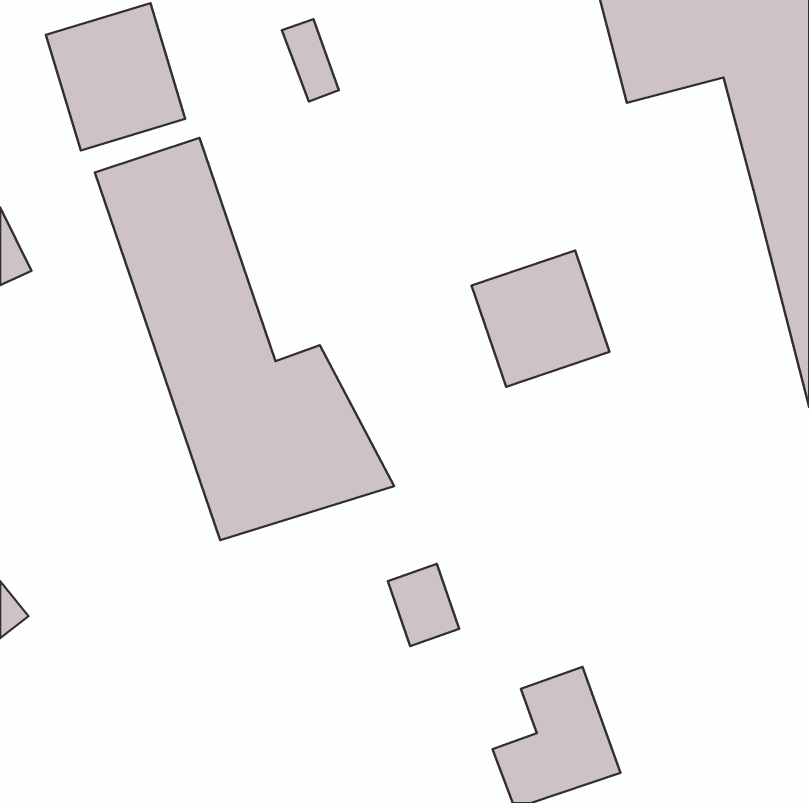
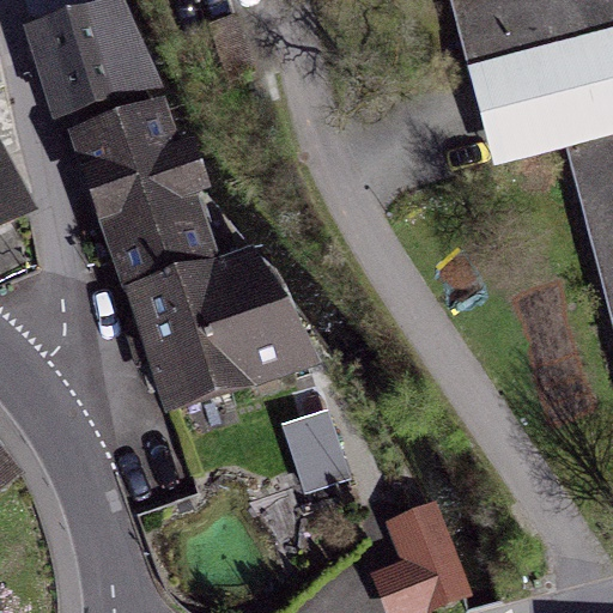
building: none -> [474,59,570,163]
building: [472,250,610,387] -> none

